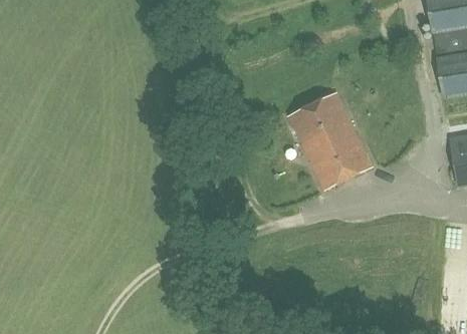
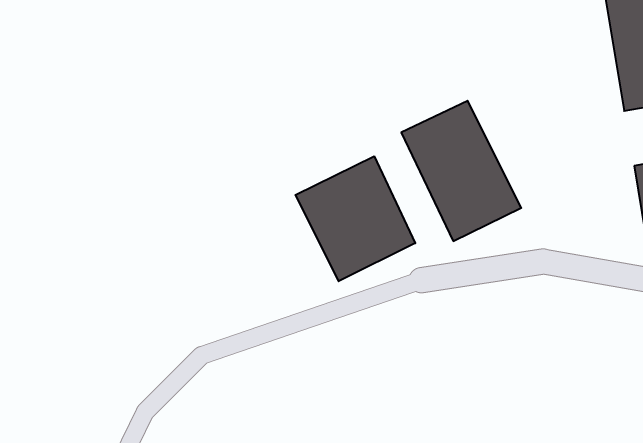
building: none -> [295,156,415,281]

